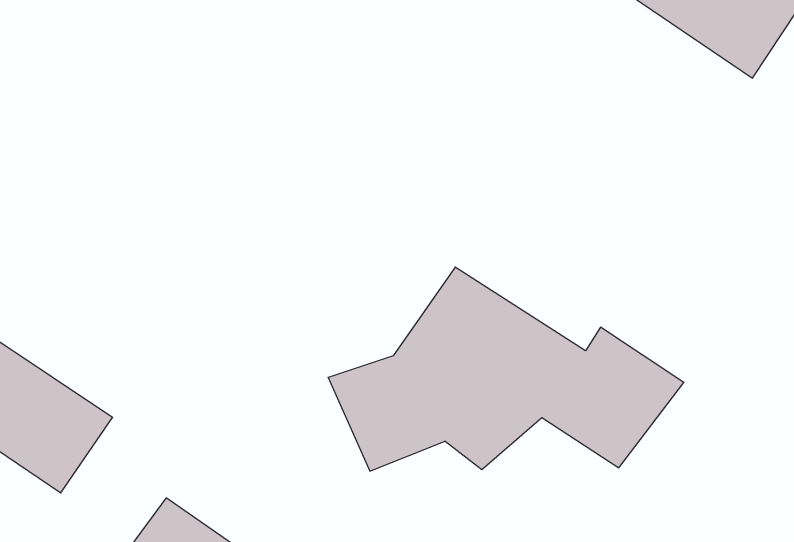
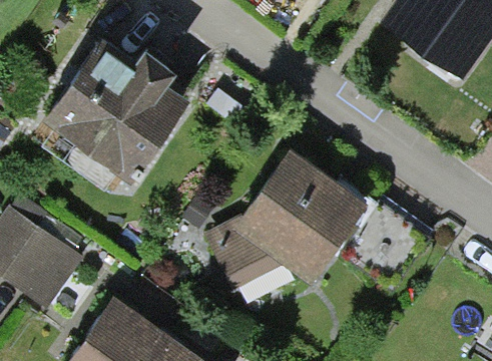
building: none -> [43,50,184,189]

